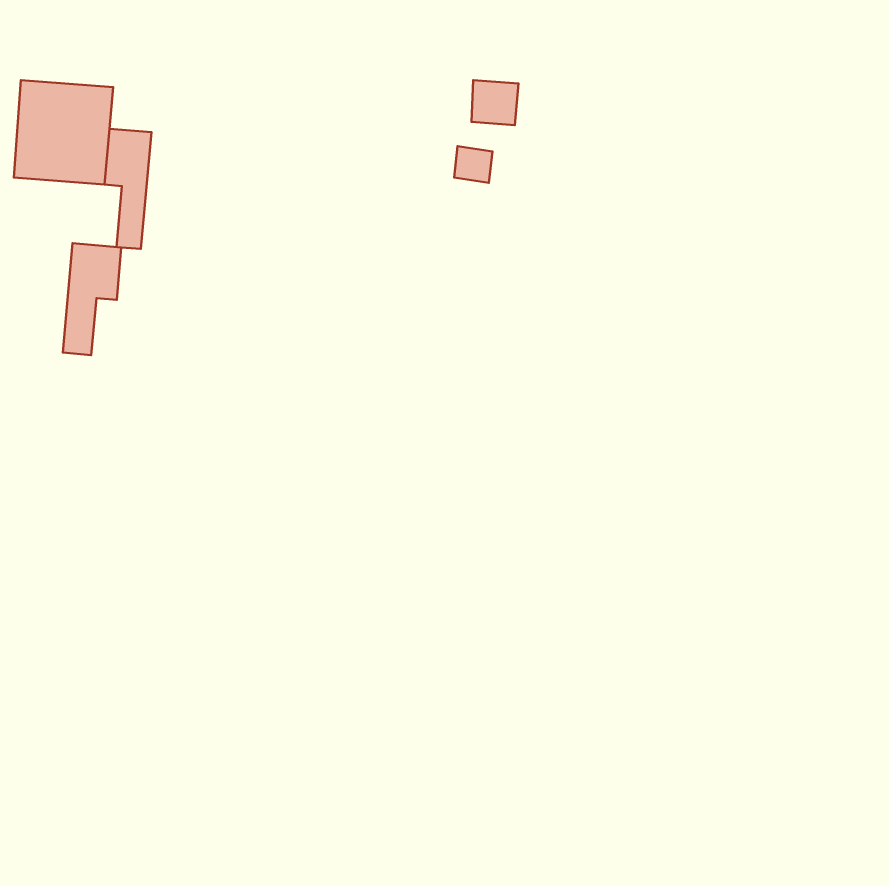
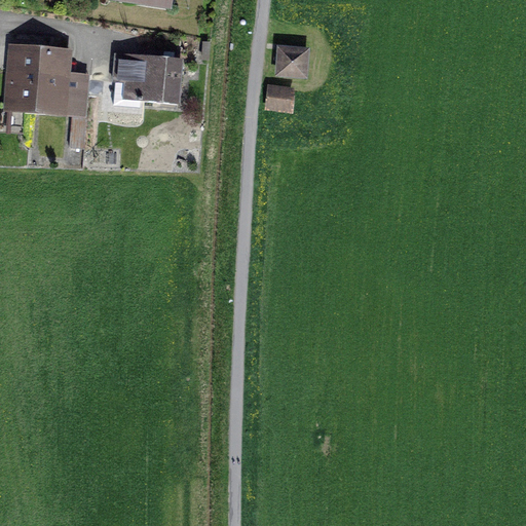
building: none -> [112,51,180,103]
building: [63,243,121,355] -> none

